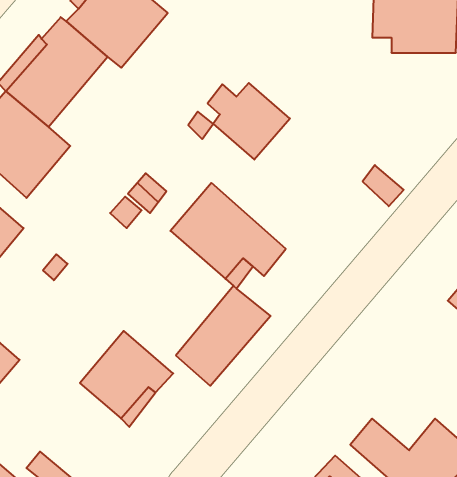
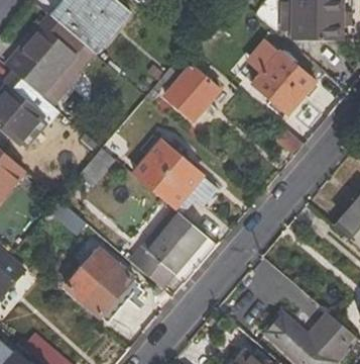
building: none -> [252,53,315,114]

